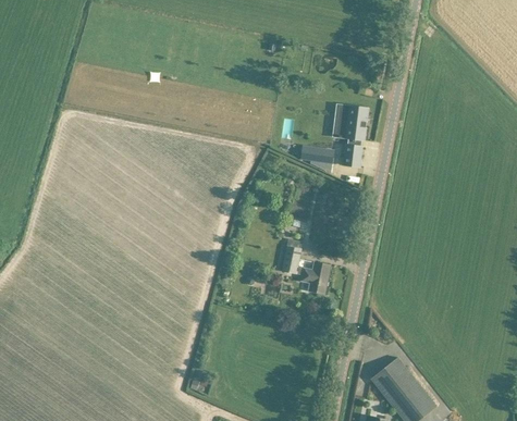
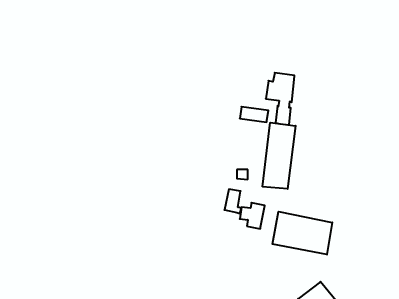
building: none -> [263,123,296,189]
building: none -> [272,212,332,255]

